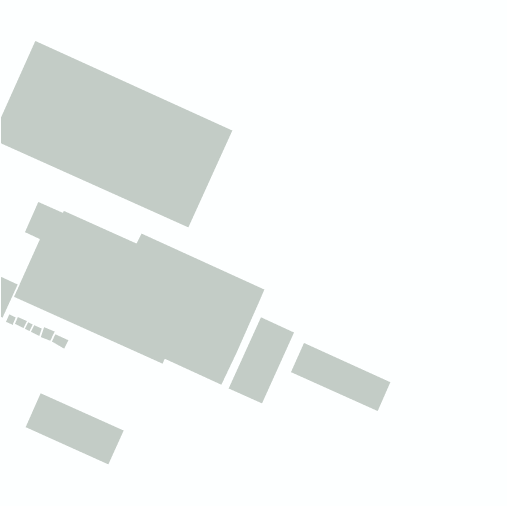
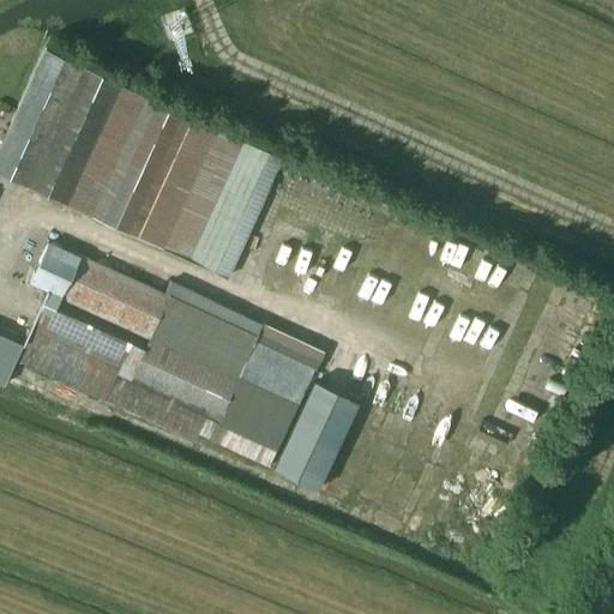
building: [290,342,392,412] -> none
building: [24,392,125,466] -> none

